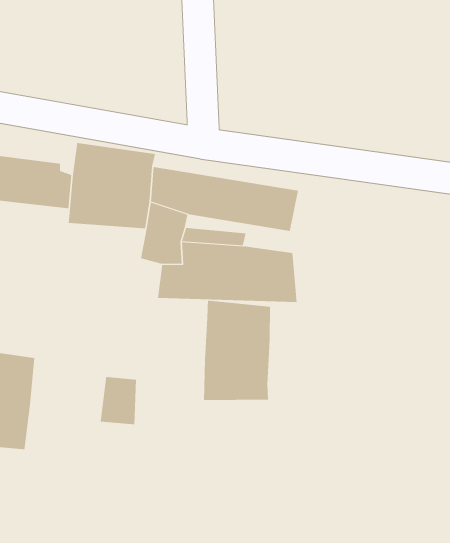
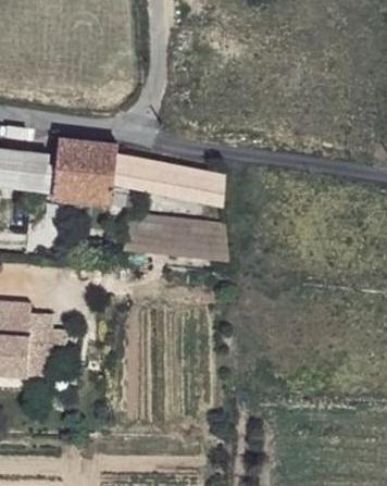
building: [204,300,270,401] -> none
building: [100,377,137,425] -> [20,338,48,375]

